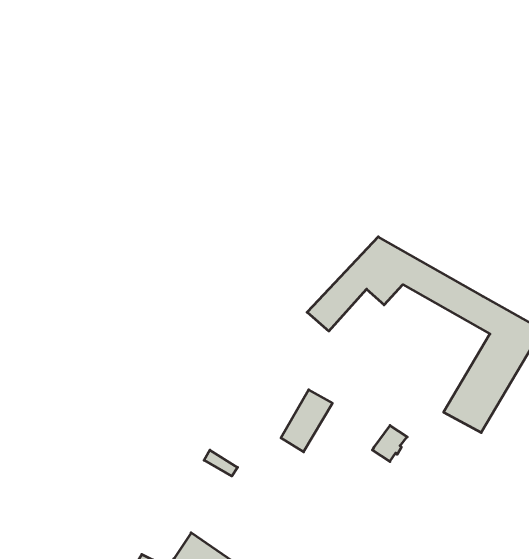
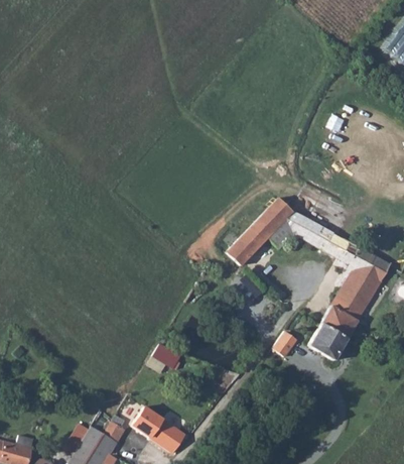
building: [281,390,332,452] -> none
building: none -> [308,323,348,360]

